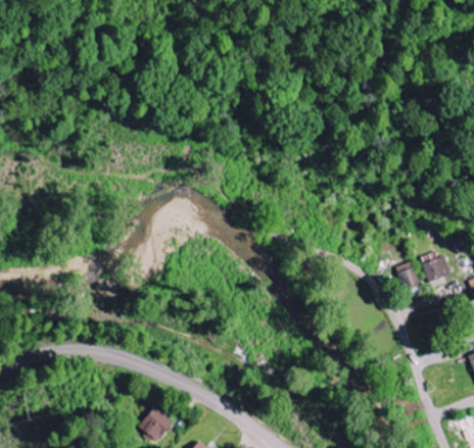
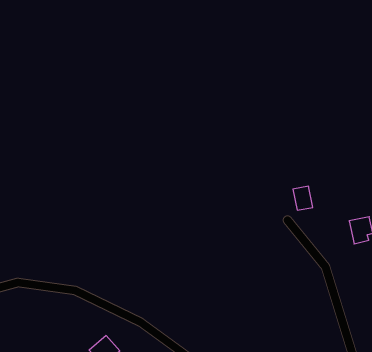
building: [396,261,420,289] -> [293,186,313,210]

